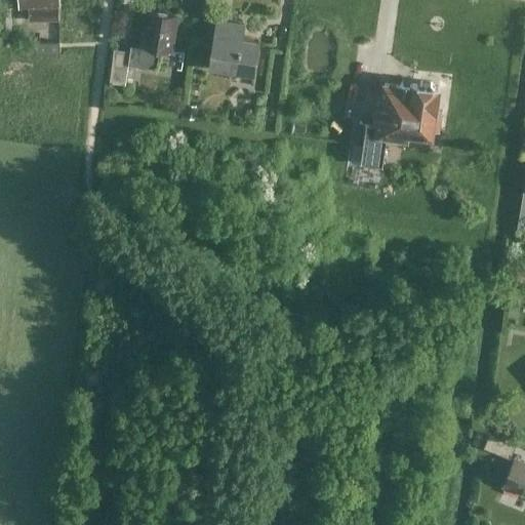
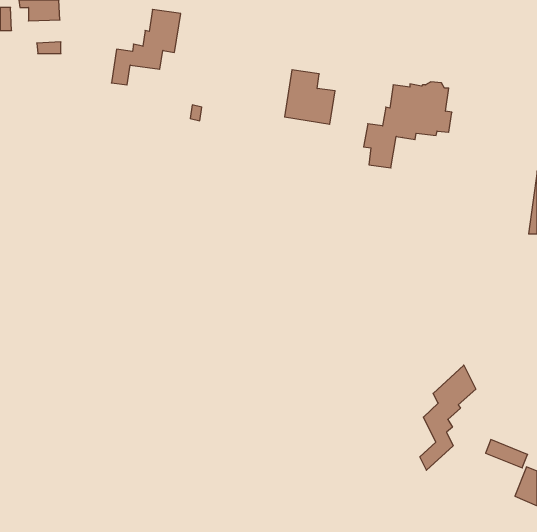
building: [209,24,258,77] -> [285,70,335,124]
building: none -> [420,365,476,470]

